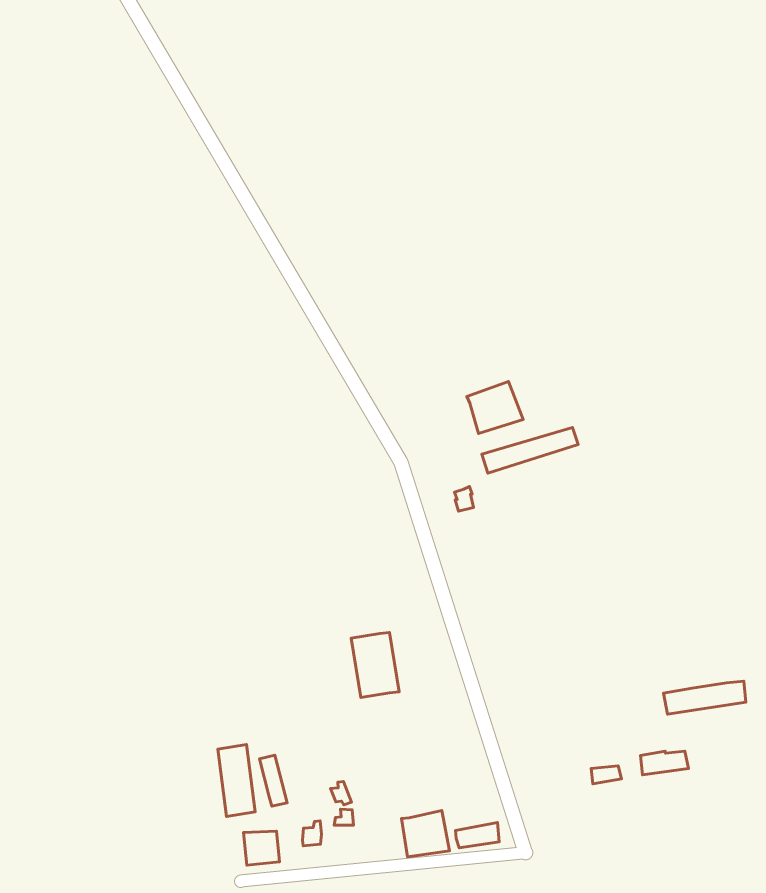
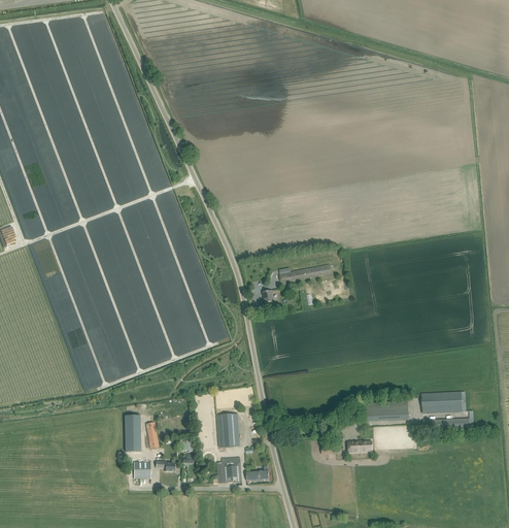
building: [467,382,523,434] -> none
building: [351,632,399,698] -> [217,414,240,447]

